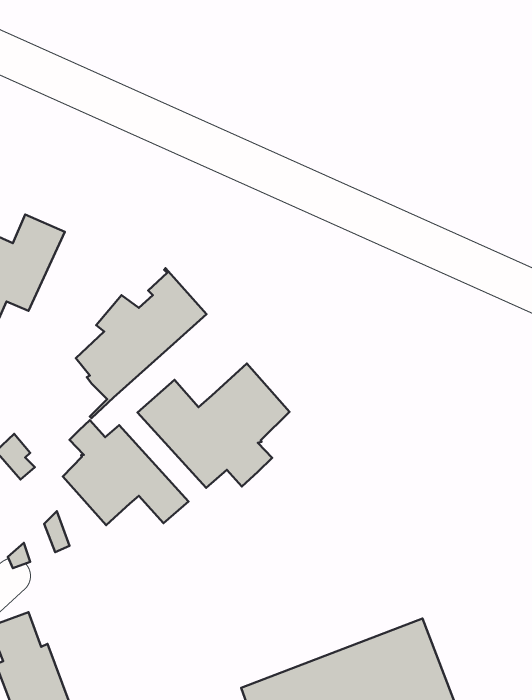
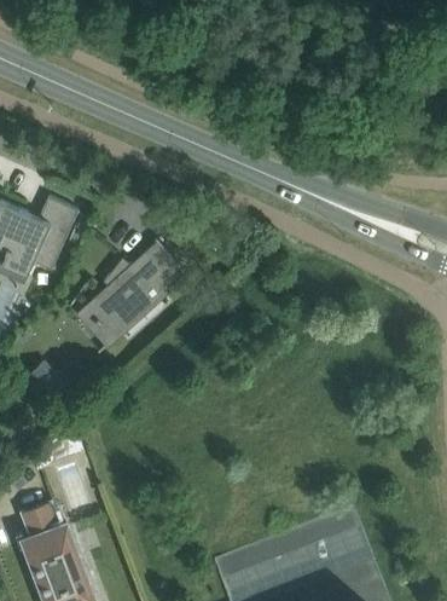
building: [138,363,290,488] -> none
building: [63,420,189,525] -> none

